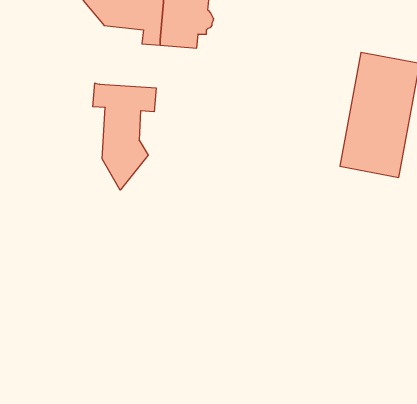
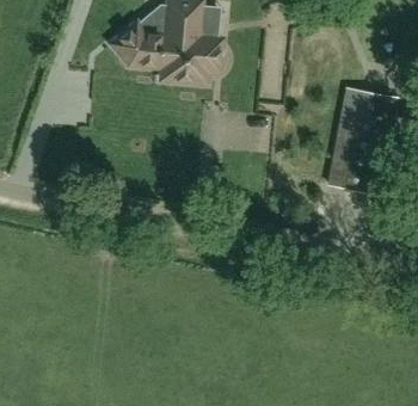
building: [93,83,156,190] -> none

